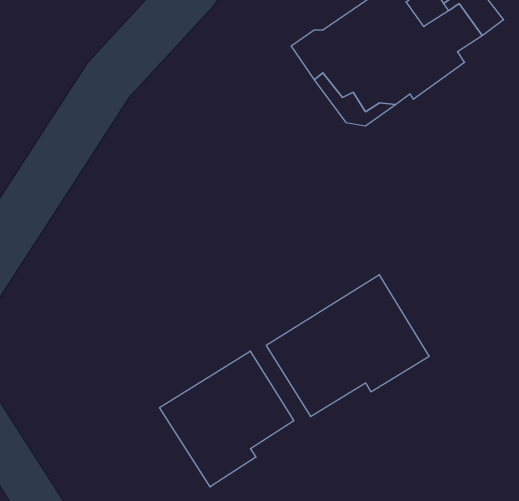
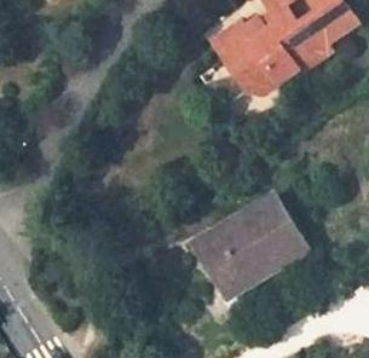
building: [160,351,294,487] -> none

